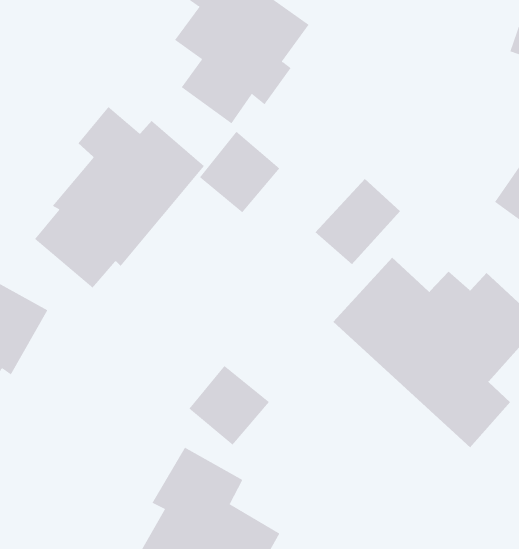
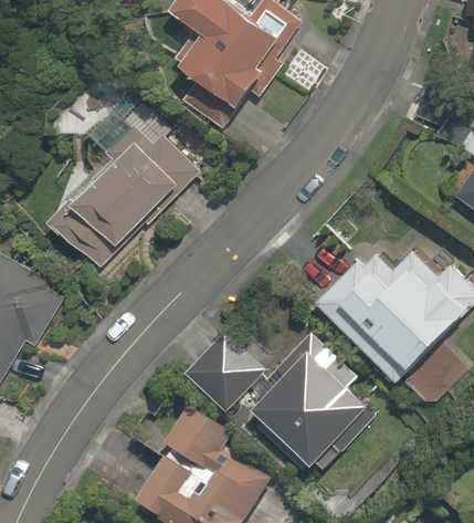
building: [199,131,280,213] -> none
building: [314,178,401,265] -> none
building: none -> [247,330,379,484]

